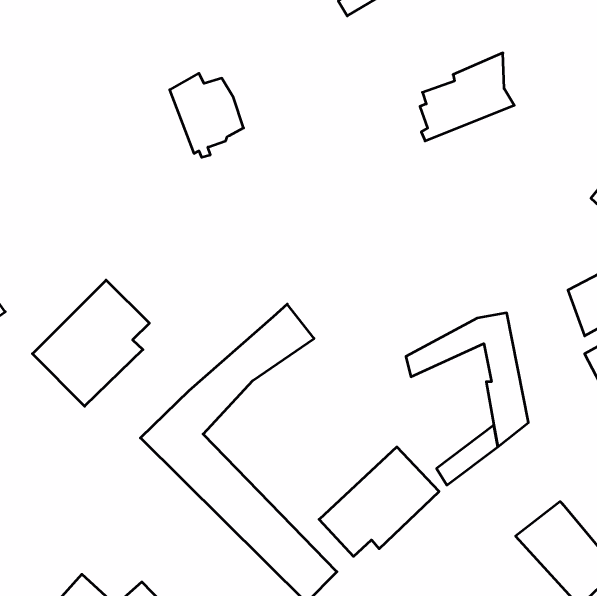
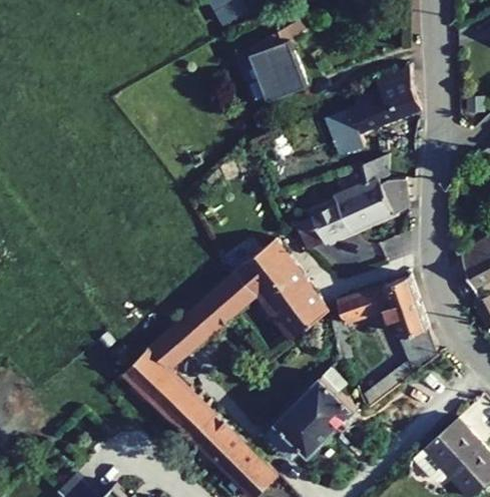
building: [170,73,244,157] -> [248,38,306,104]
building: none -> [297,157,408,250]
building: none -> [239,237,331,340]
building: [32,280,149,406] -> none

